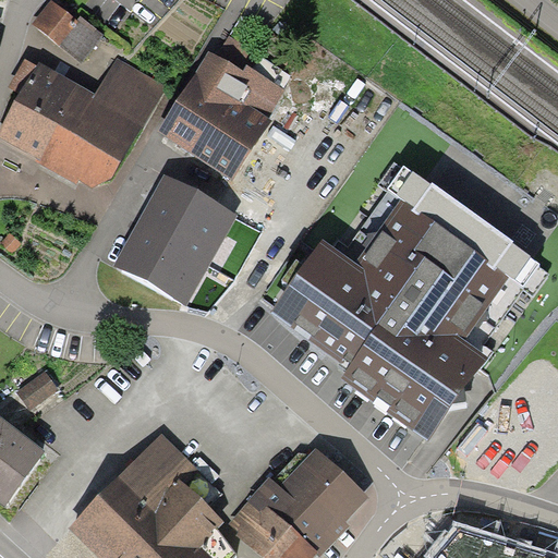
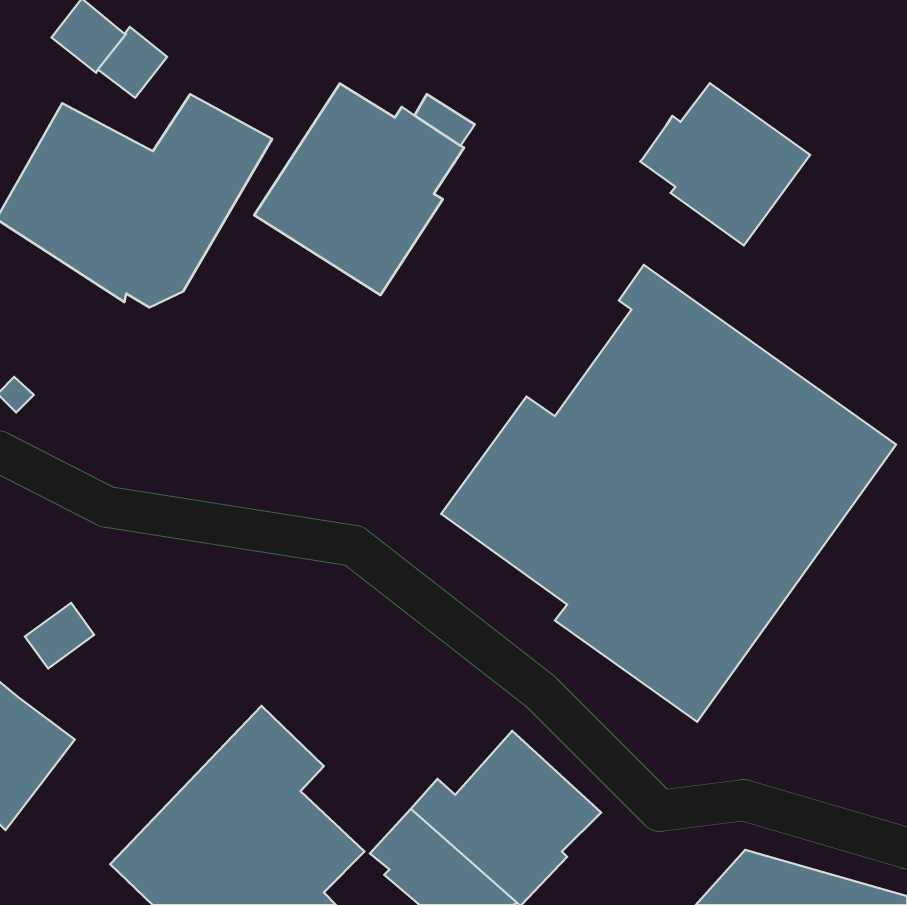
building: none -> [640,83,810,245]
building: [112,172,239,306] -> none

